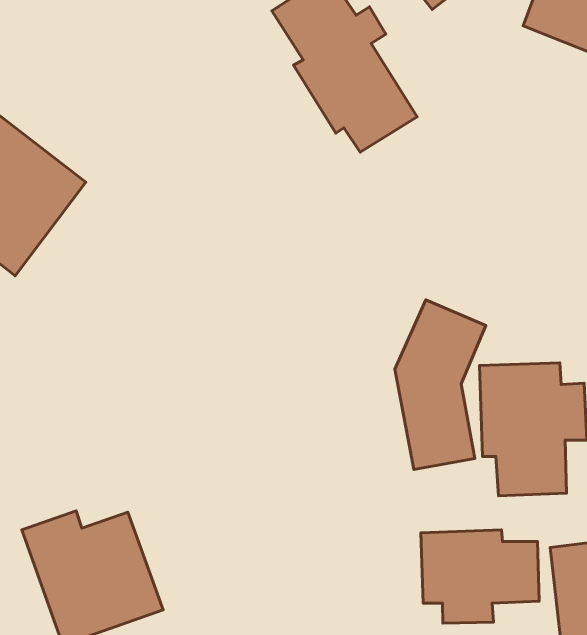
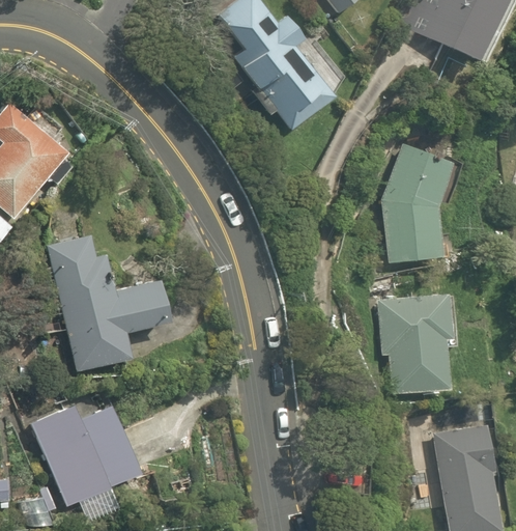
building: none -> [48,236,165,371]
building: [395,300,486,469] -> [384,143,454,273]
building: [421,530,539,623] -> none

